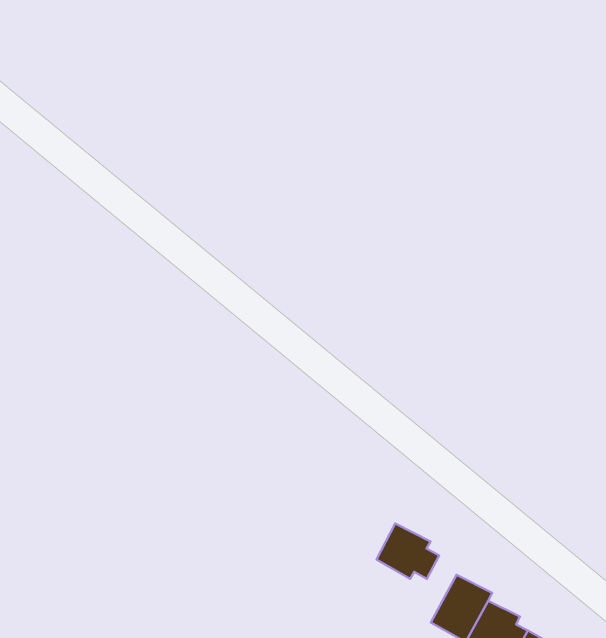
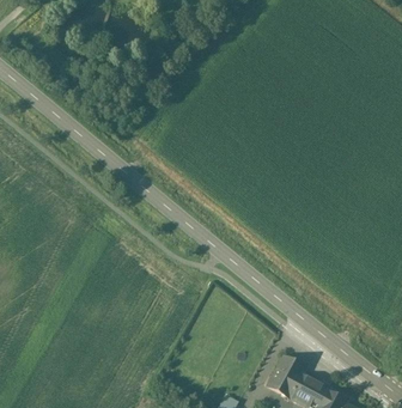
building: [376,523,439,579] -> none

